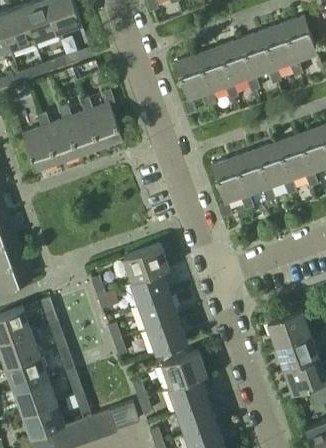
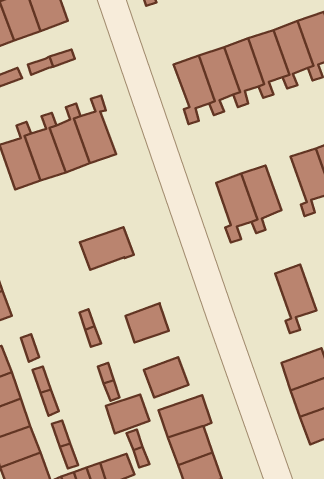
building: [253,142,289,202] -> [275,264,316,333]
building: [122,244,169,281] -> [80,227,134,270]
building: [139,294,177,328] -> [106,394,149,433]

